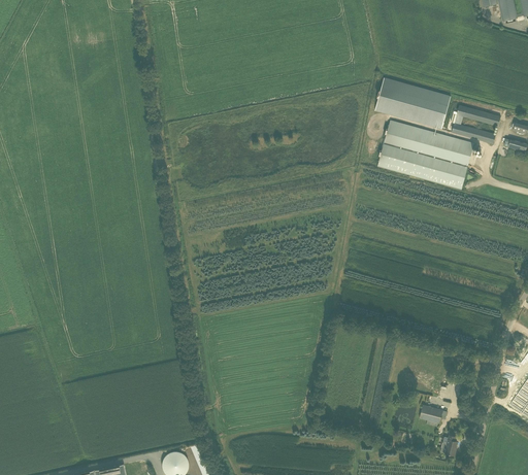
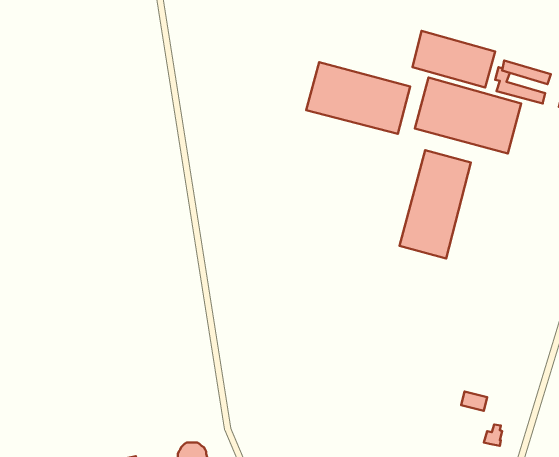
building: none -> [306,62,410,134]
building: none -> [400,150,471,259]

